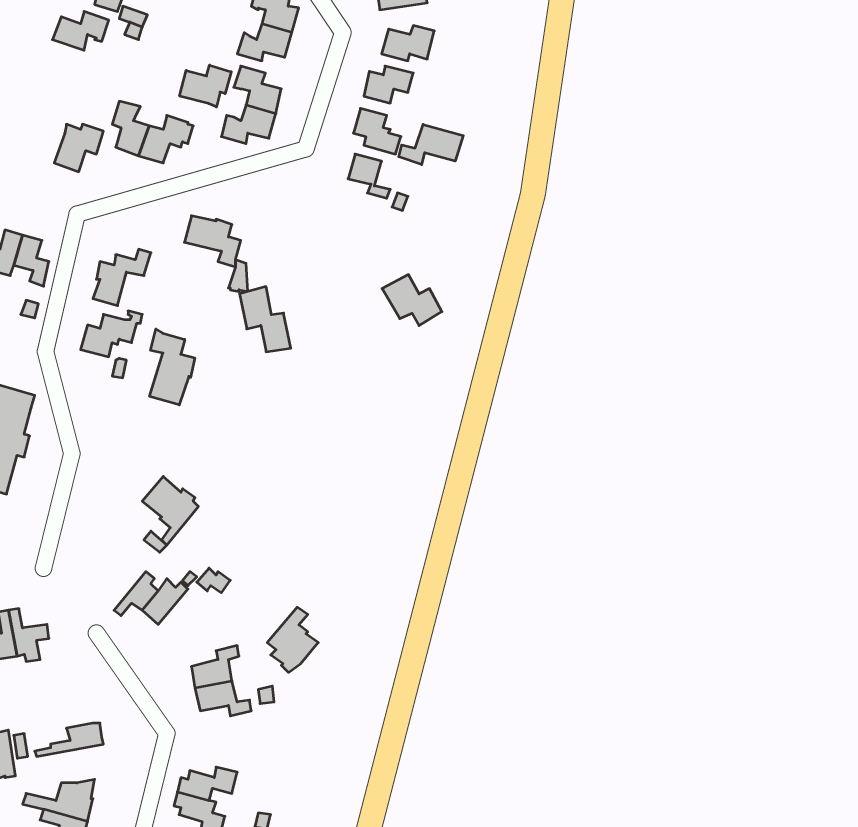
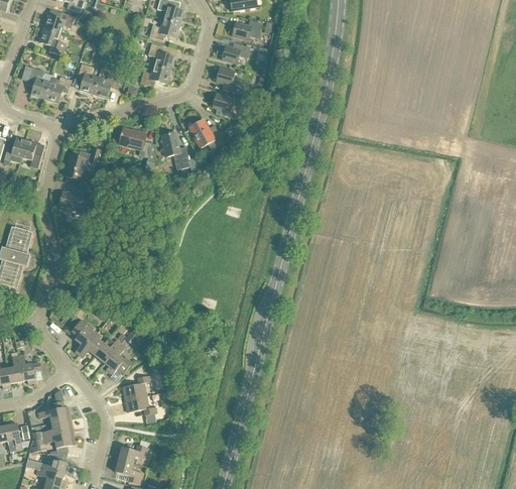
building: none -> [38,27,66,55]
building: [180,65,231,107] -> none
building: none -> [20,65,49,98]
building: [399,124,463,165] -> none
building: [382,275,442,326] -> [188,120,223,149]
building: [240,287,291,352] -> [160,131,189,168]
building: [150,329,195,405] -> none
building: [142,476,198,545] -> [63,315,96,354]
building: [267,607,318,672] -> [103,342,132,379]
building: none -> [37,401,70,421]
building: none -> [30,431,75,453]

